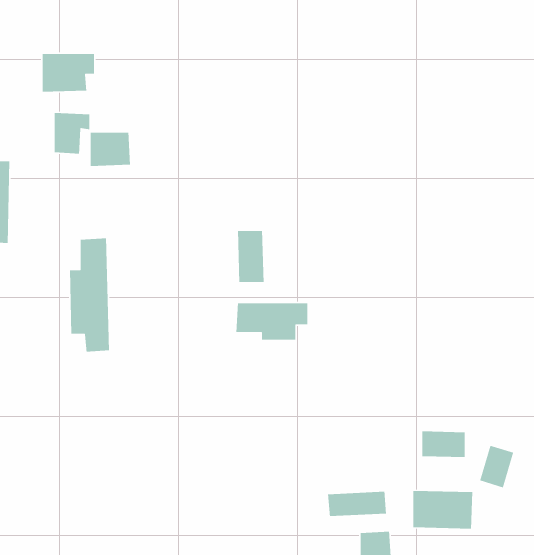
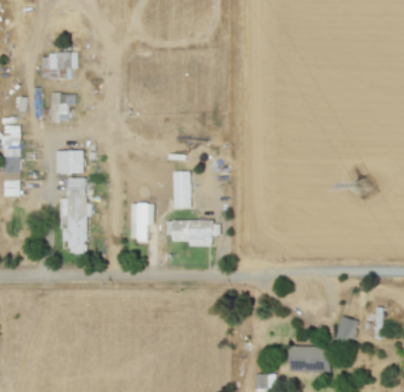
building: [90,132,131,167] -> [56,151,83,174]
building: none -> [131,204,154,240]
building: [421,431,465,458] -> none
building: [327,491,387,517] -> none

